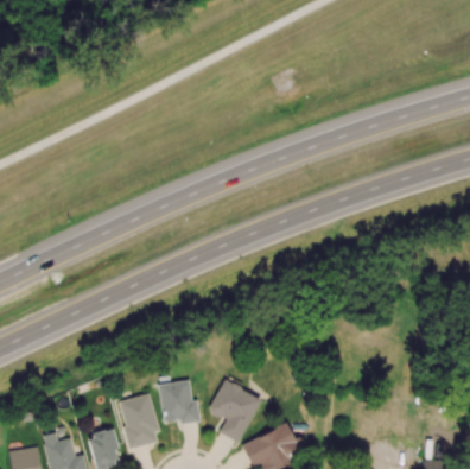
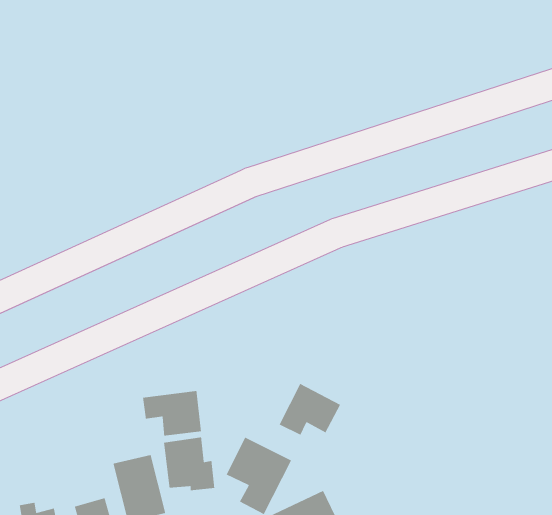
building: none -> [278,383,341,436]
building: none -> [142,390,202,436]

